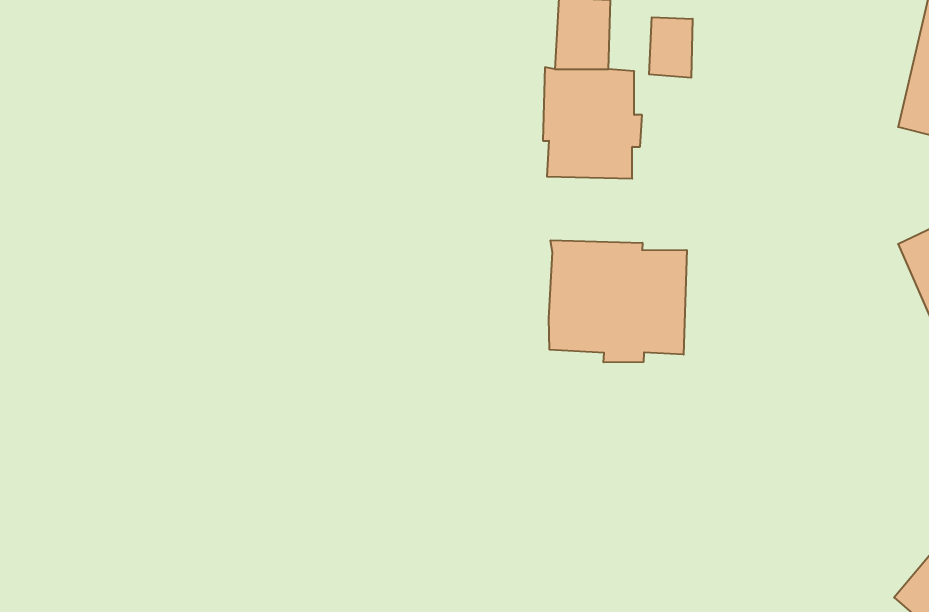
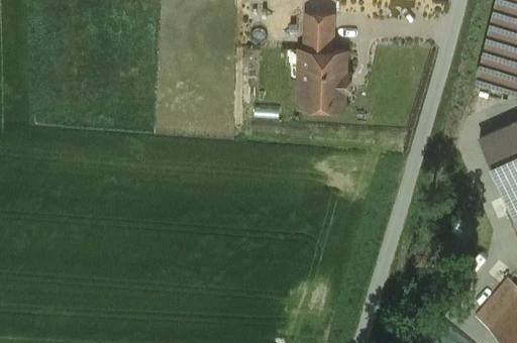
building: [649,17,693,78] -> none
building: [549,240,687,362] -> none

